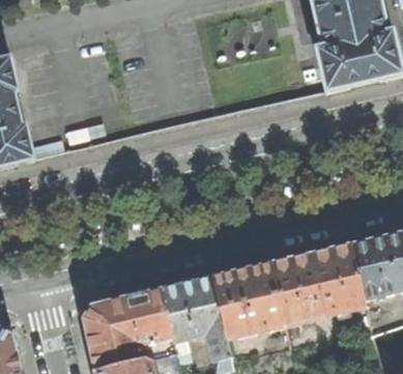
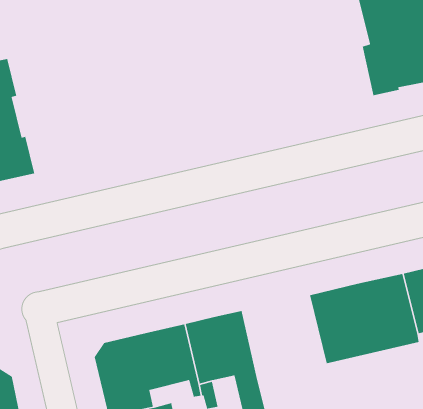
building: [211,264,284,338] -> none

